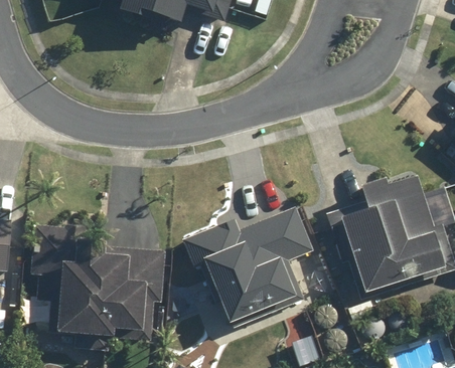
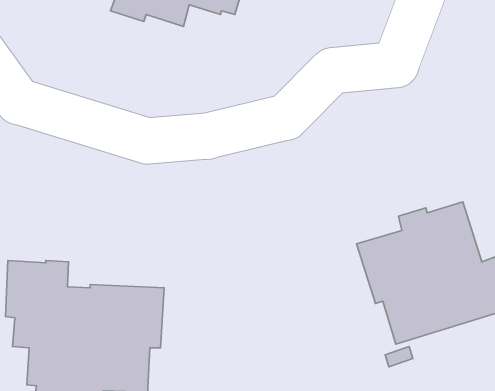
building: [182,206,313,329] -> none

